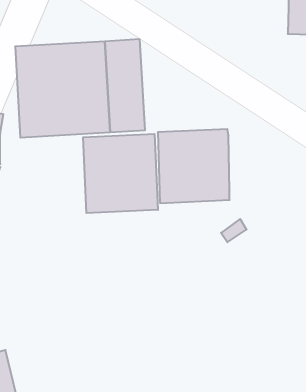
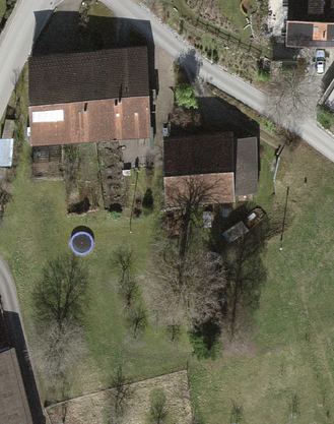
building: [83,134,158,213] -> none
building: none -> [229,141,257,195]

